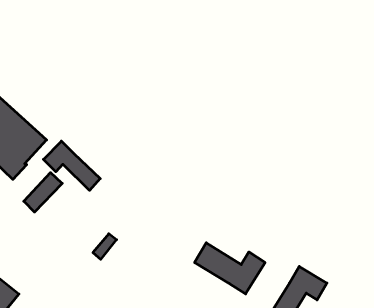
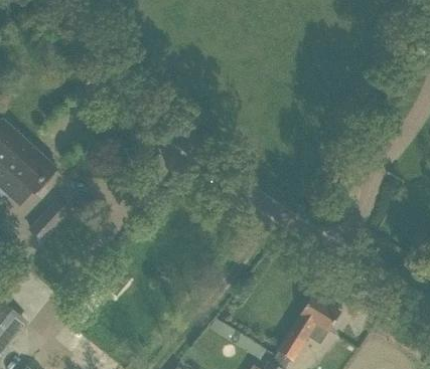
building: [43,141,100,190] -> none
building: [195,243,265,294] -> none

